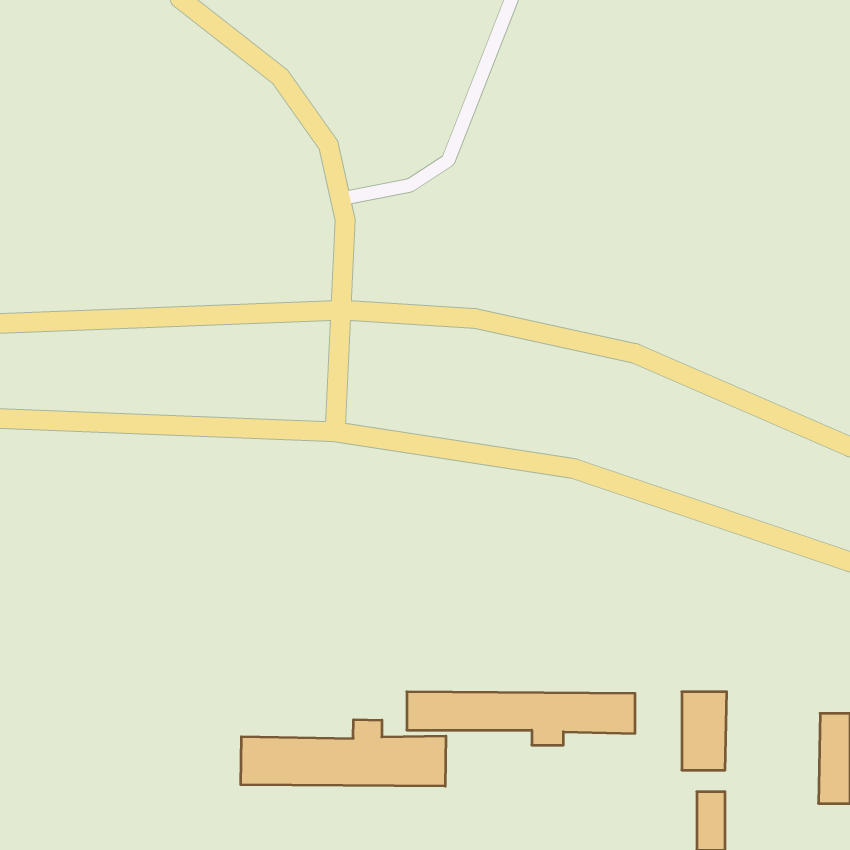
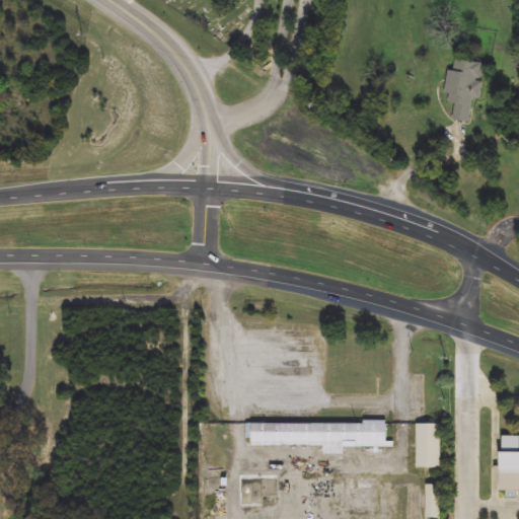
building: none -> [446,59,484,123]
building: [241,720,446,786] -> none

